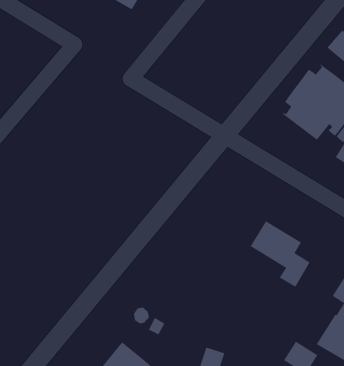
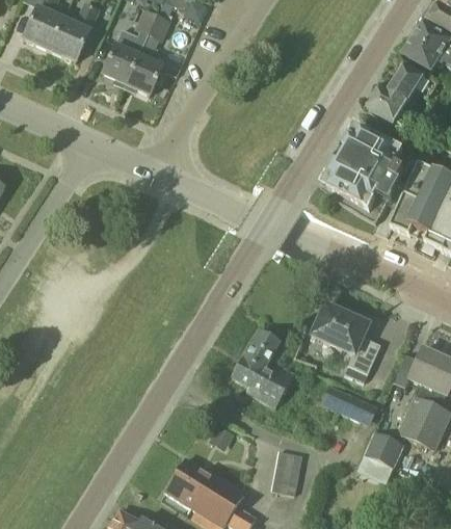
building: none -> [232,328,294,405]
building: none -> [330,391,368,422]

